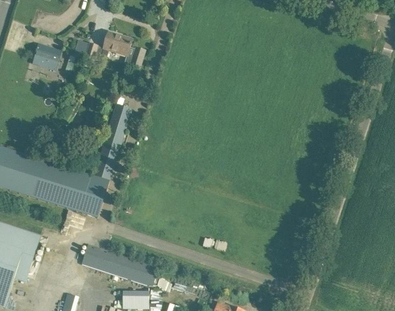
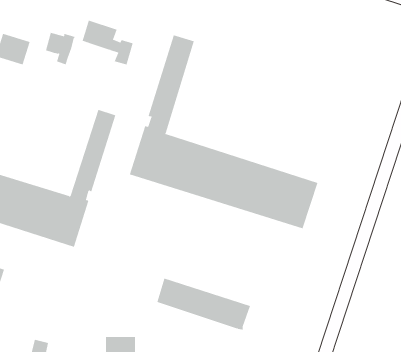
building: none -> [129,35,318,229]
building: [81,243,158,286] -> [157,278,251,330]

